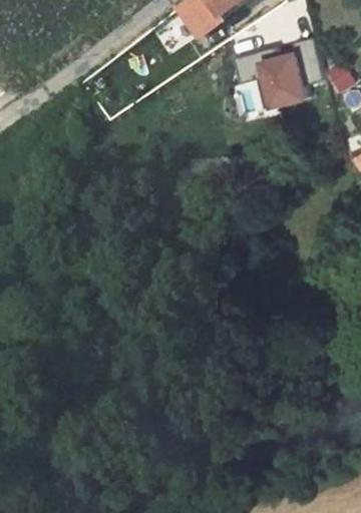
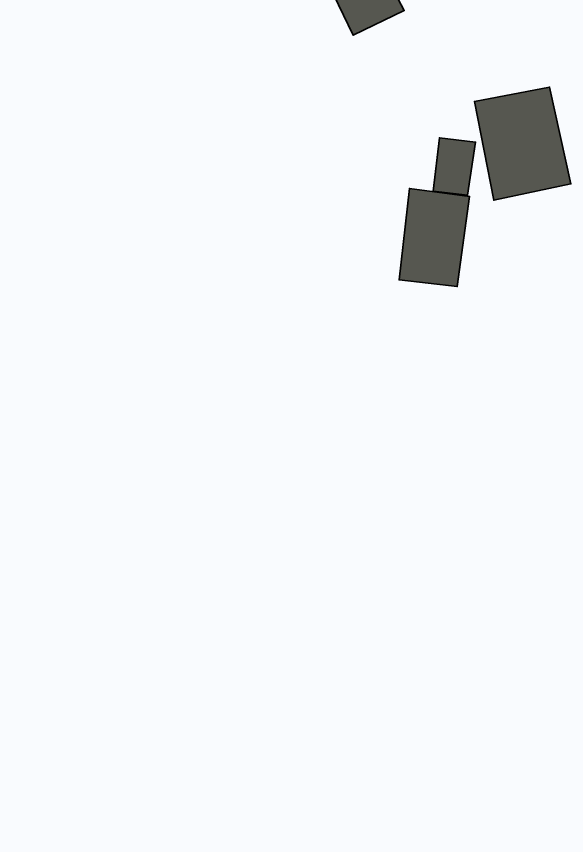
building: none -> [399,189,469,286]

